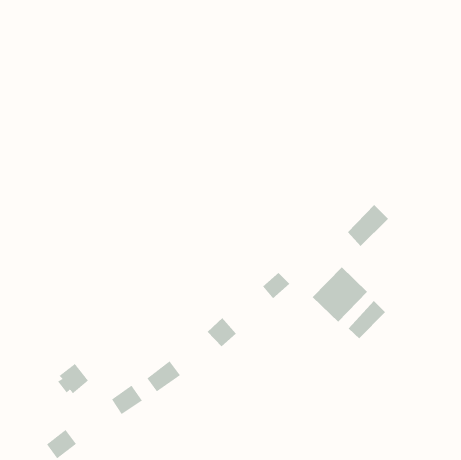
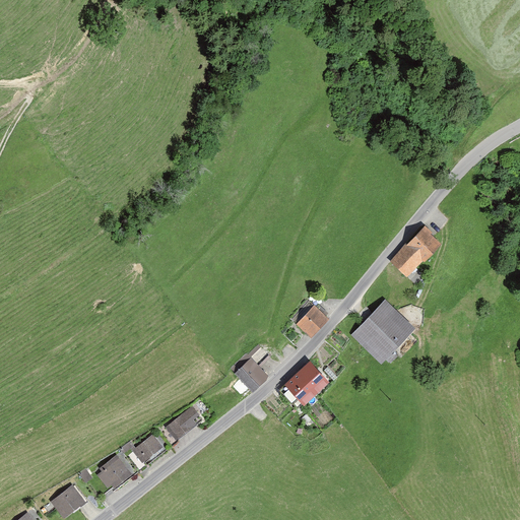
building: [348,300,386,339] -> none
building: none -> [283,363,327,406]
building: [57,363,89,394] -> [99,452,134,486]

